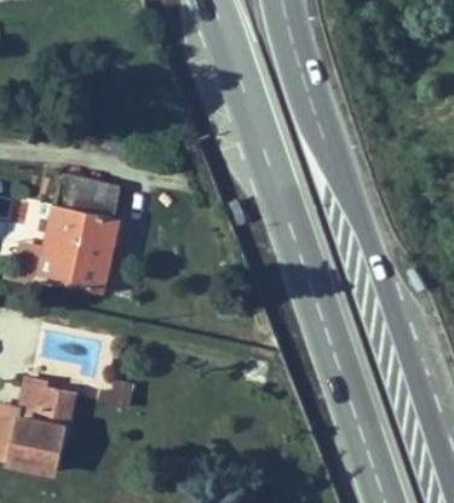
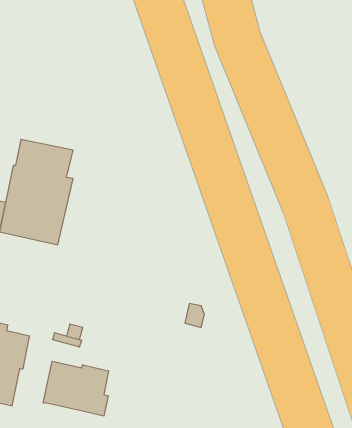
building: none -> [43,361,109,416]

